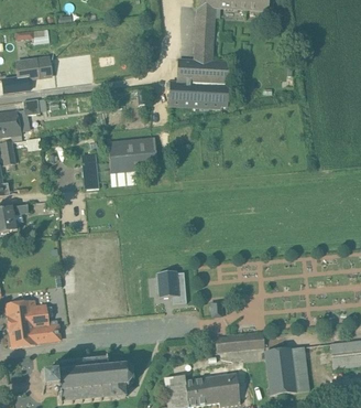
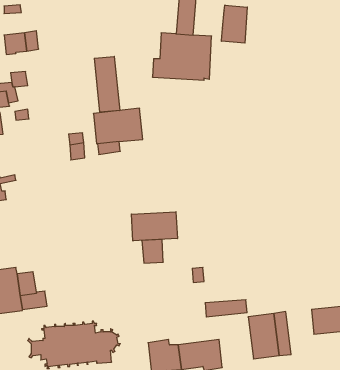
building: none -> [221,5,247,43]
building: none -> [94,56,120,112]
building: none -> [131,212,177,241]

